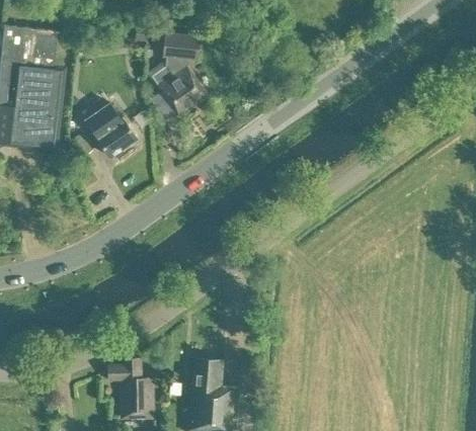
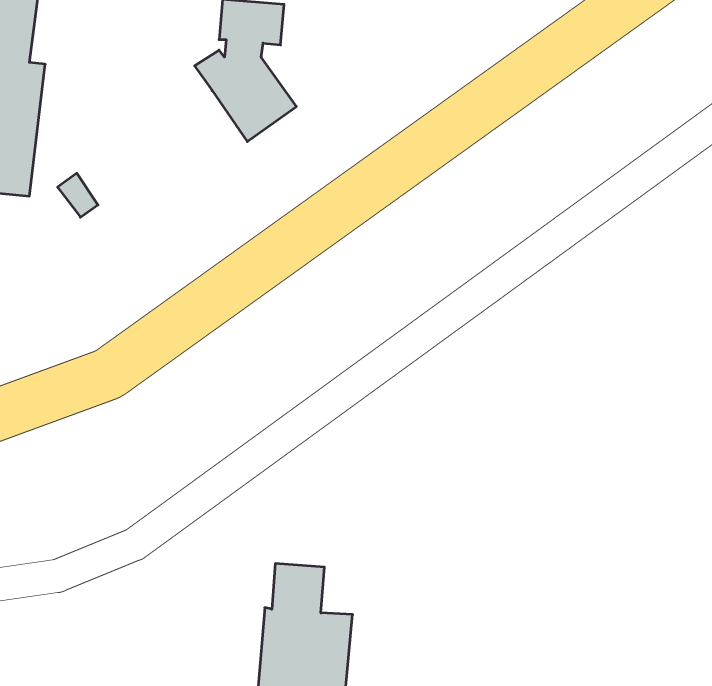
building: [86,103,138,158] -> none
building: [109,358,154,420] -> none

